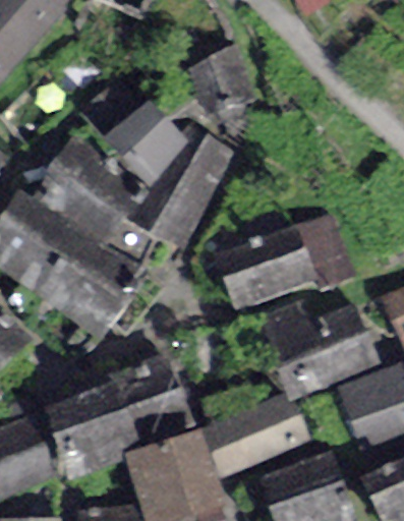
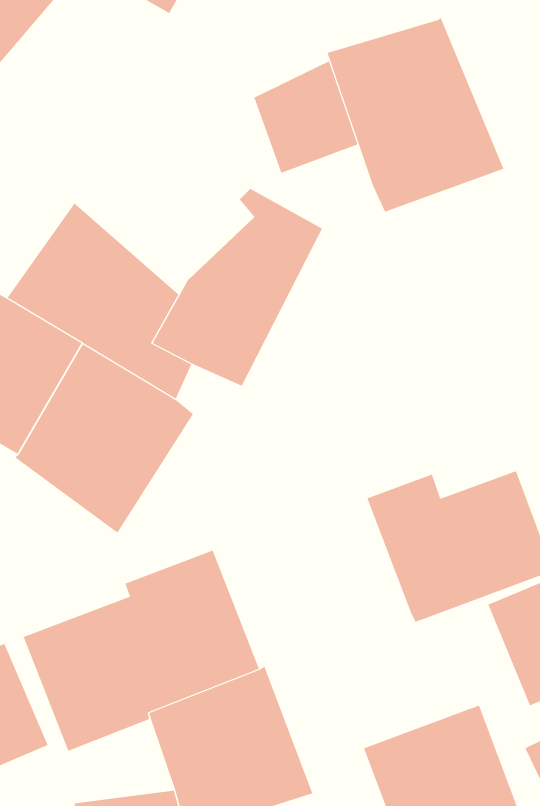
building: none -> [327,17,504,212]
building: [104,99,188,184] -> none
building: [213,214,351,313] -> none
building: [200,394,310,478] -> none

